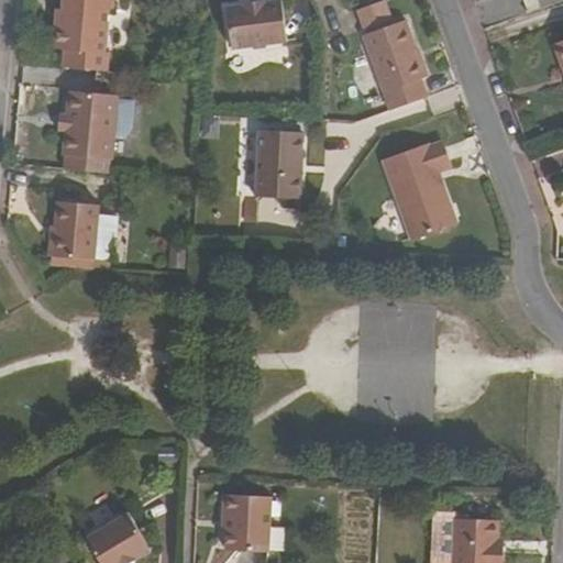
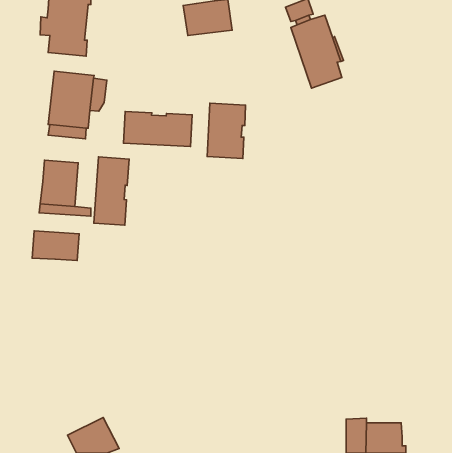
building: none -> [124,111,192,147]
building: [382,142,455,242] -> none
building: none -> [94,157,129,225]
building: none -> [32,231,79,260]
building: [223,495,272,551] -> none

